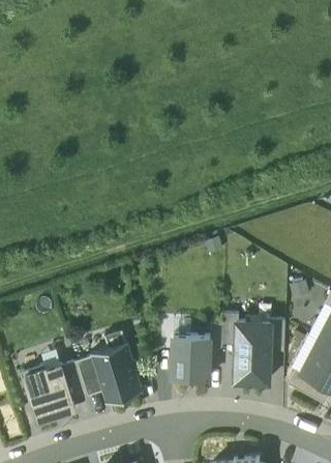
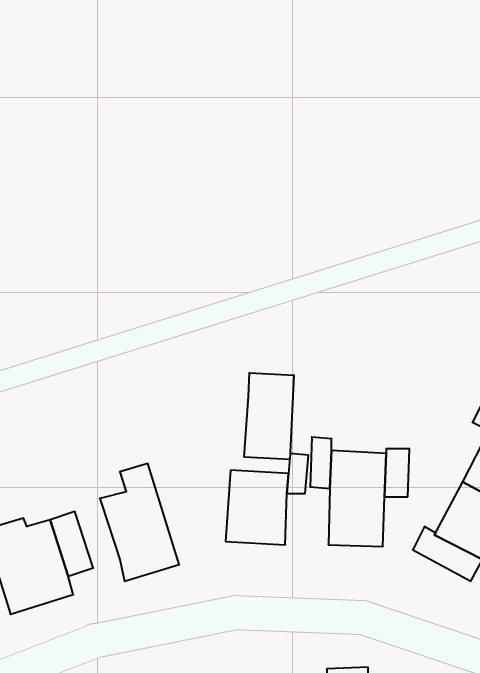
building: none -> [244,373,294,460]
building: [77,354,104,395] -> none

